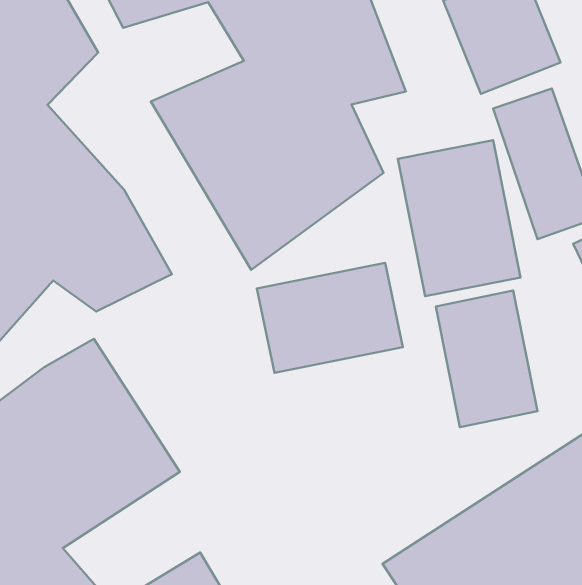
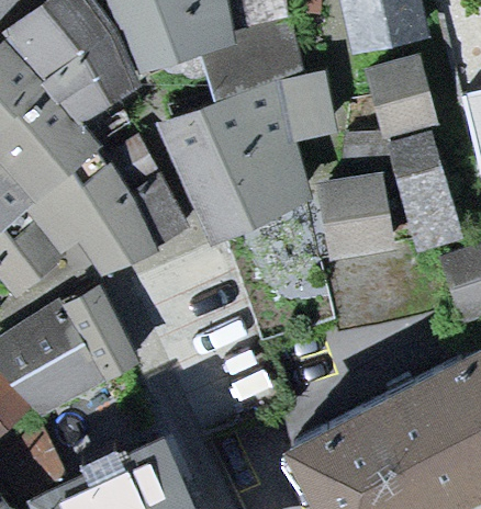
building: [257,263,403,373] -> none
building: [436,291,537,427] -> none

